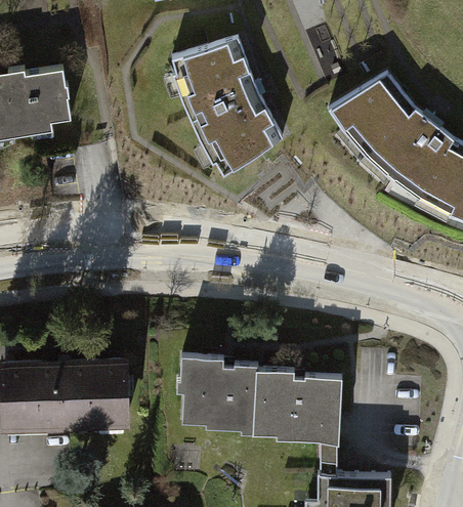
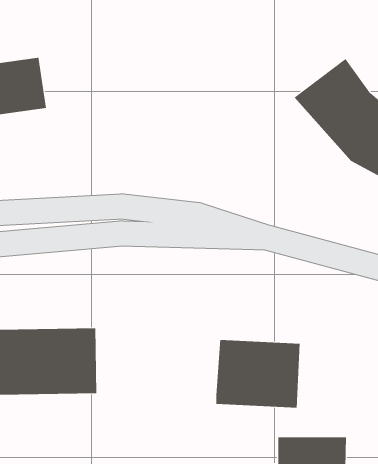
building: [176,35,289,166] -> none
building: [174,357,253,431] -> none

